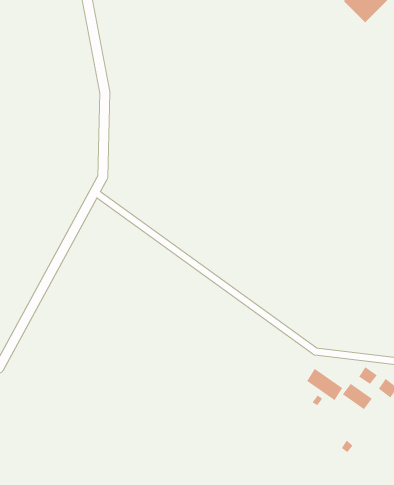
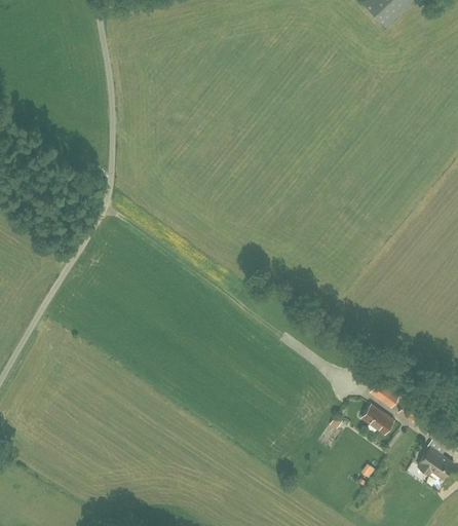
building: [306,368,343,401] -> none

